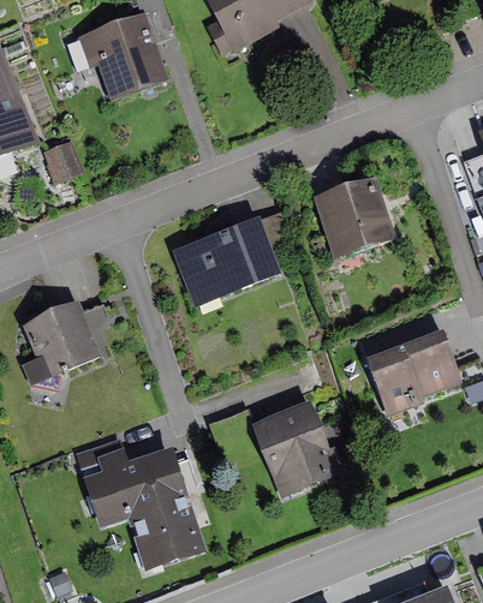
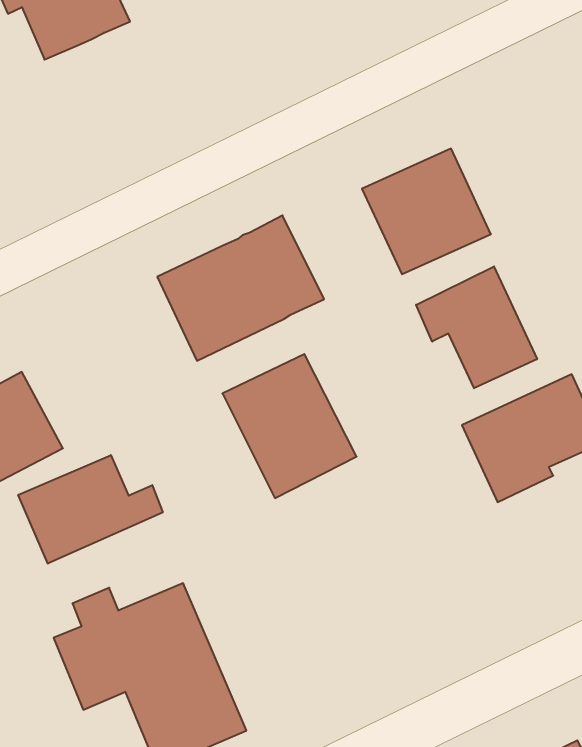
building: none -> [416,266,537,388]
building: none -> [18,455,163,564]
building: [252,402,338,496] -> [222,354,357,498]

